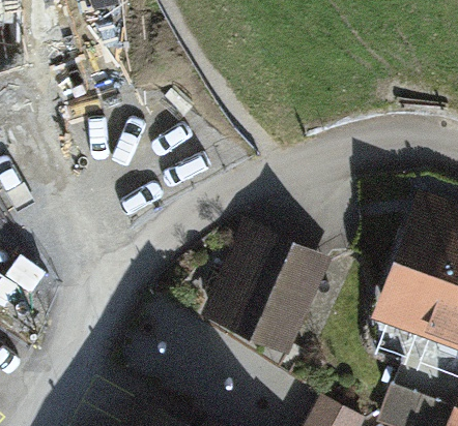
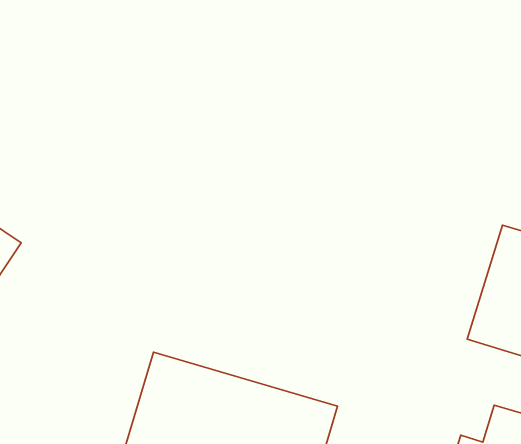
building: [210,242,316,353] -> none

